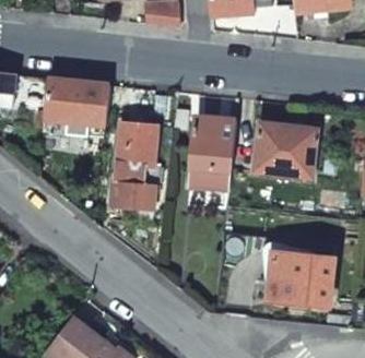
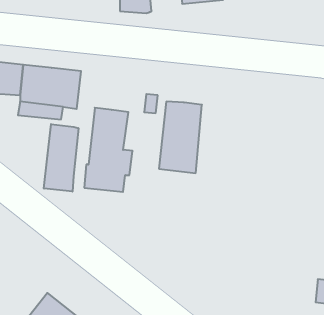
building: [255,124,317,178] -> none
building: none -> [44,124,78,192]
building: [269,252,334,303] -> none

